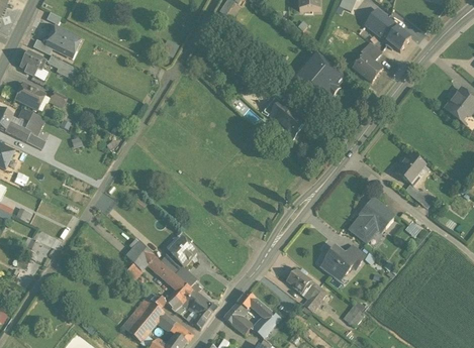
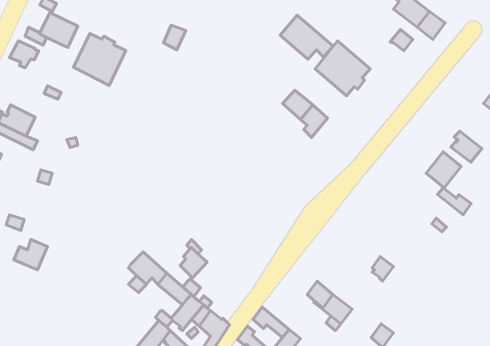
building: none -> [280,15,333,59]
building: none -> [74,33,126,86]
building: [353,52,381,80] -> none
building: [15,87,43,109] -> none
building: none -> [451,131,482,162]
building: [348,197,393,240] -> none
building: [320,246,351,273] -> none

